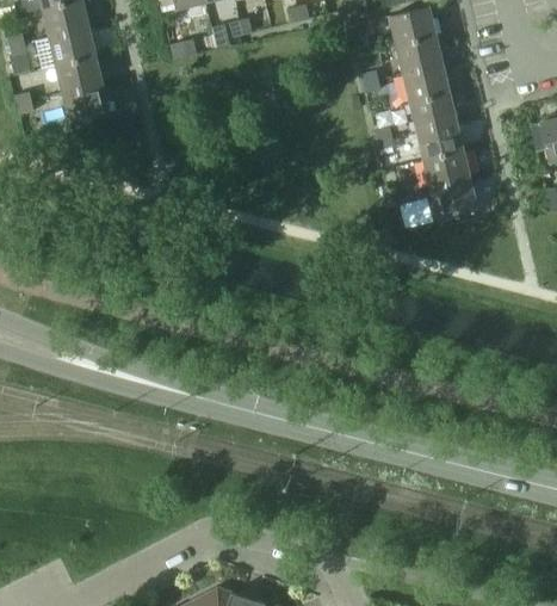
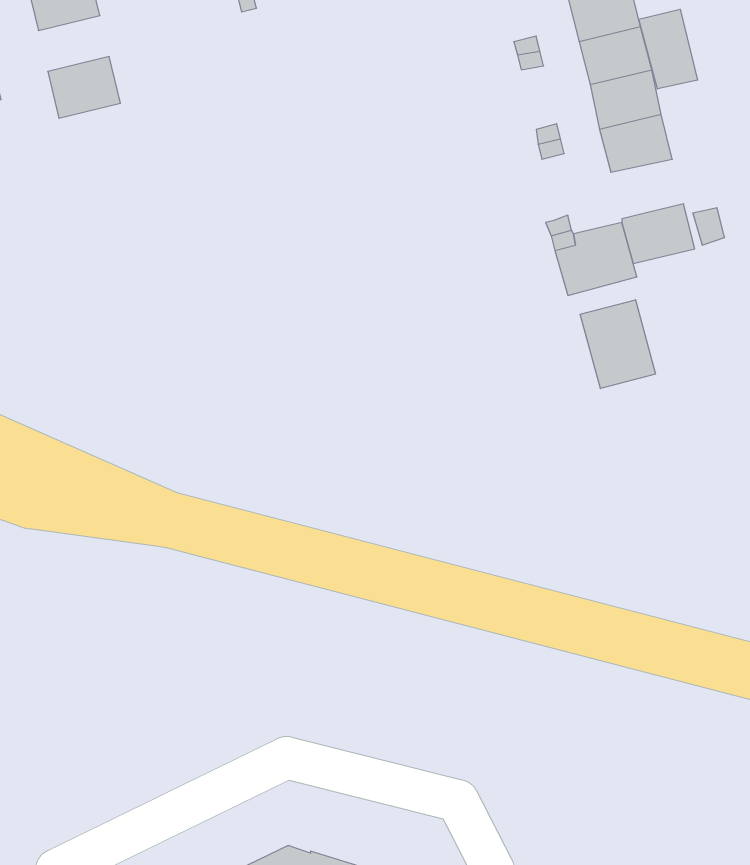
building: none -> [639,9,697,89]
building: [57,58,103,94] -> none
building: [423,150,470,188] -> none
building: none -> [580,300,656,389]

